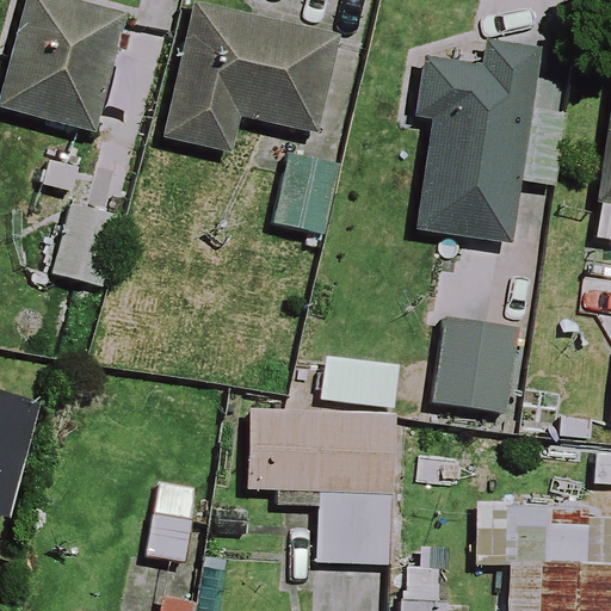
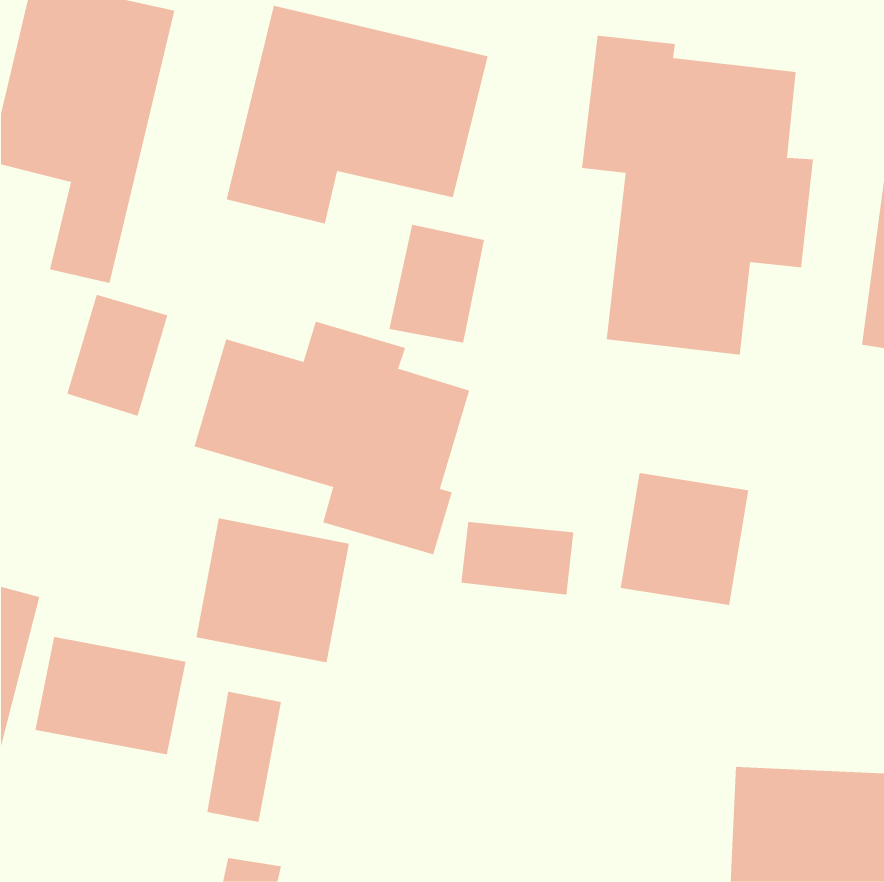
building: none -> [194,321,470,555]
building: none -> [196,518,350,663]
building: [248,409,394,566] -> none
building: none -> [35,636,186,755]

